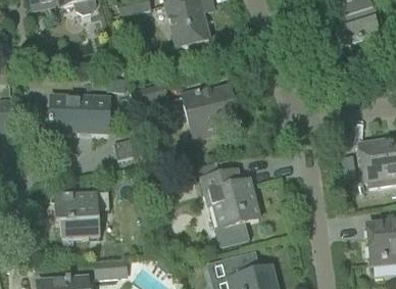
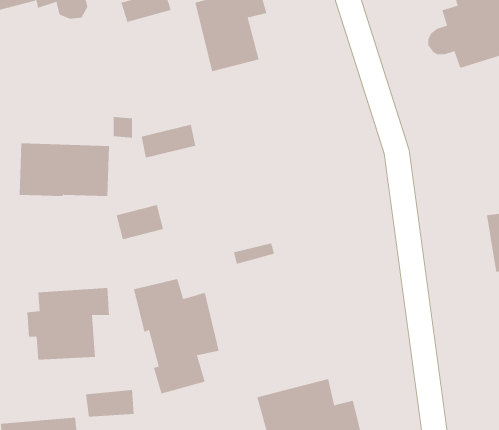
building: [181,87,239,134] -> none
building: [201,171,258,247] -> [133,278,219,394]

